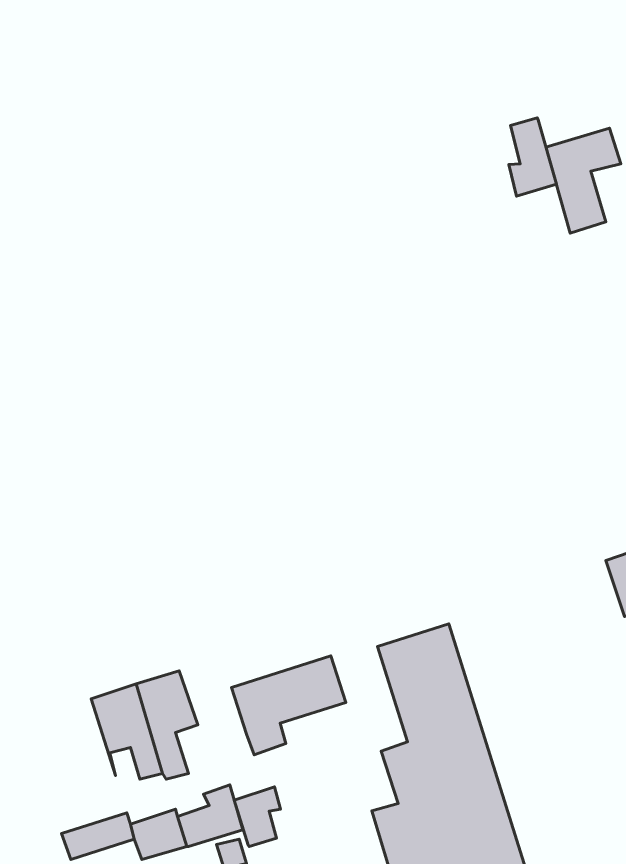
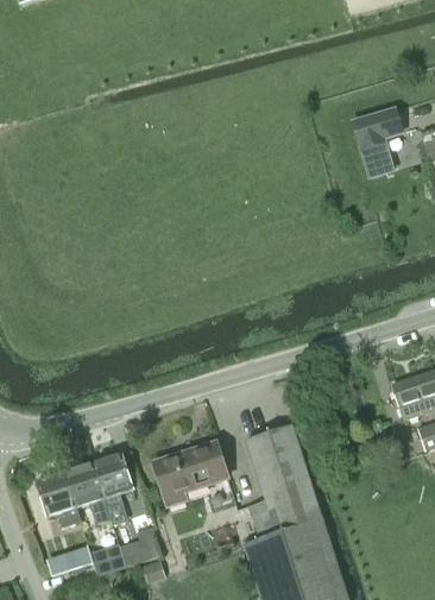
building: [509,118,556,196] -> none
building: none -> [36,470,80,525]
building: [234,787,280,847] -> none

